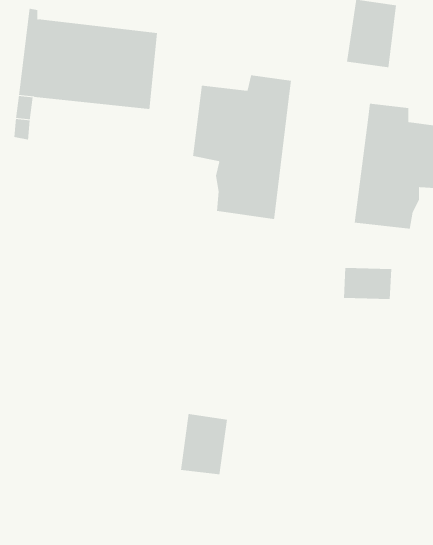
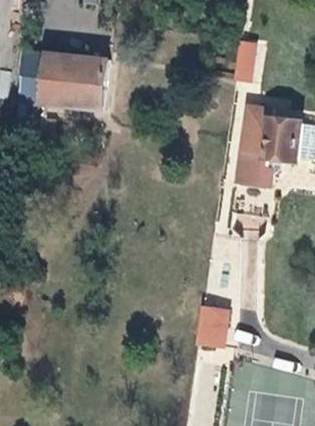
building: [192,74,292,220] -> none
building: [180,413,228,475] -> [196,308,227,348]

